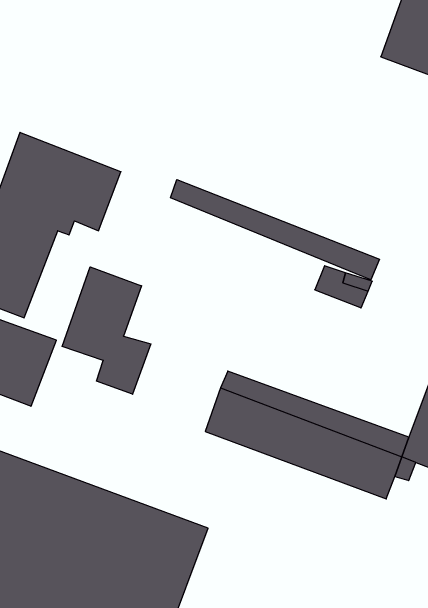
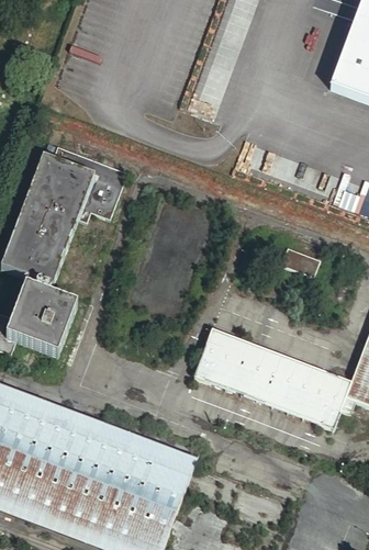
building: [171,180,379,280] -> none
building: [62,267,151,394] -> none

